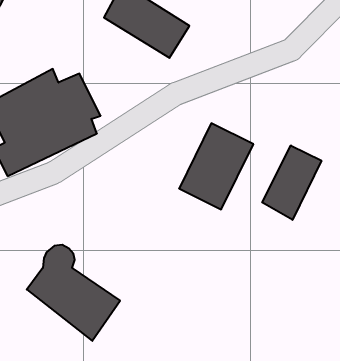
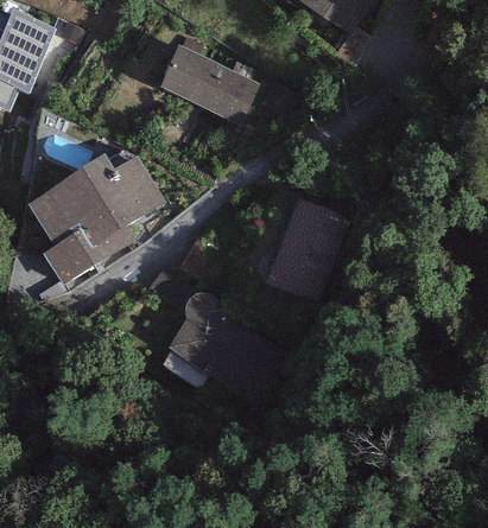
building: [262,145,321,220] -> none
building: [27,245,120,341] -> [167,291,279,401]

